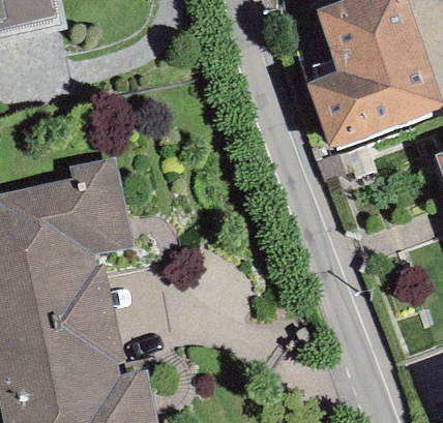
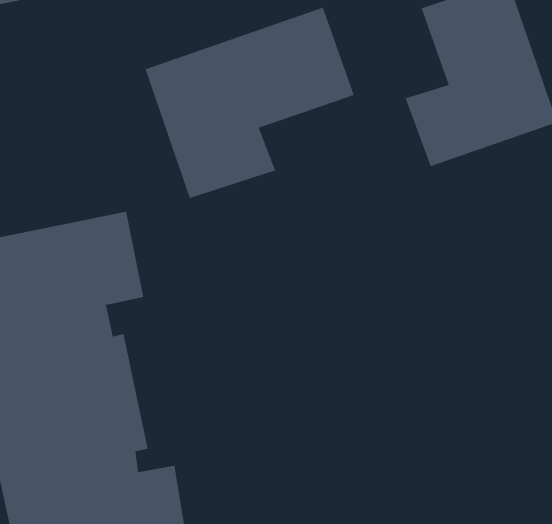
building: none -> [145,7,355,199]

